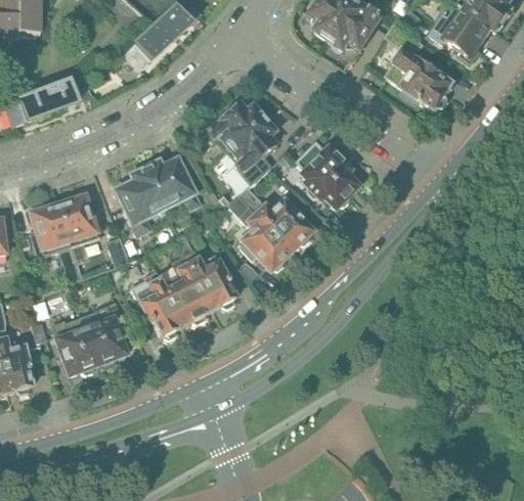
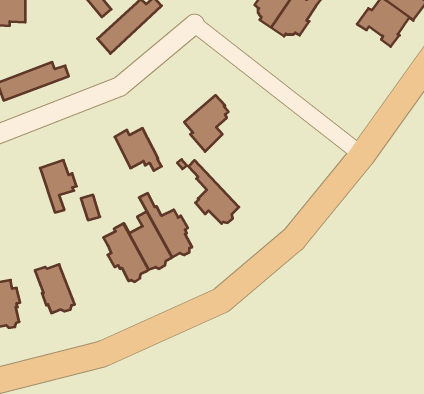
building: [386,34,454,107] -> none
building: [195,100,263,150] -> none
building: [296,140,361,206] -> none
building: [114,167,163,234] -> none
building: [238,187,310,249] -> none
building: [30,203,80,280] -> none
building: [79,299,131,365] -> none

